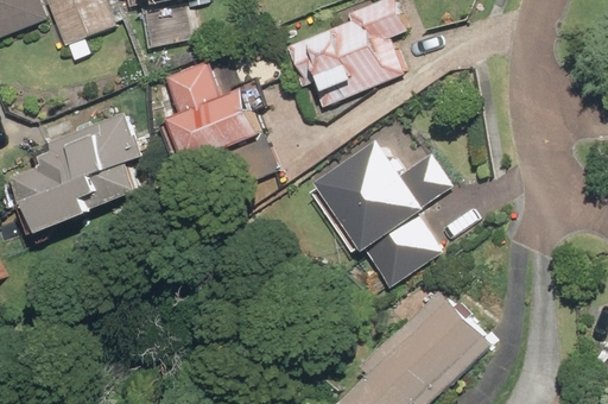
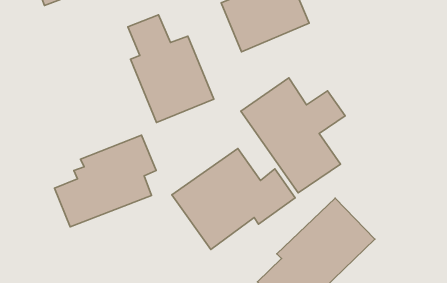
building: [18,108,148,226] -> [55,135,156,227]
building: none -> [172,148,295,249]

